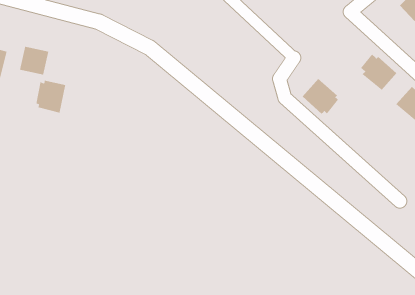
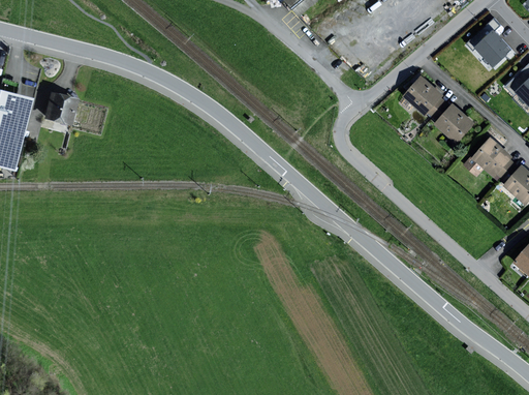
building: [302,78,339,114] -> [403,74,445,116]
building: [36,80,66,113] -> none

